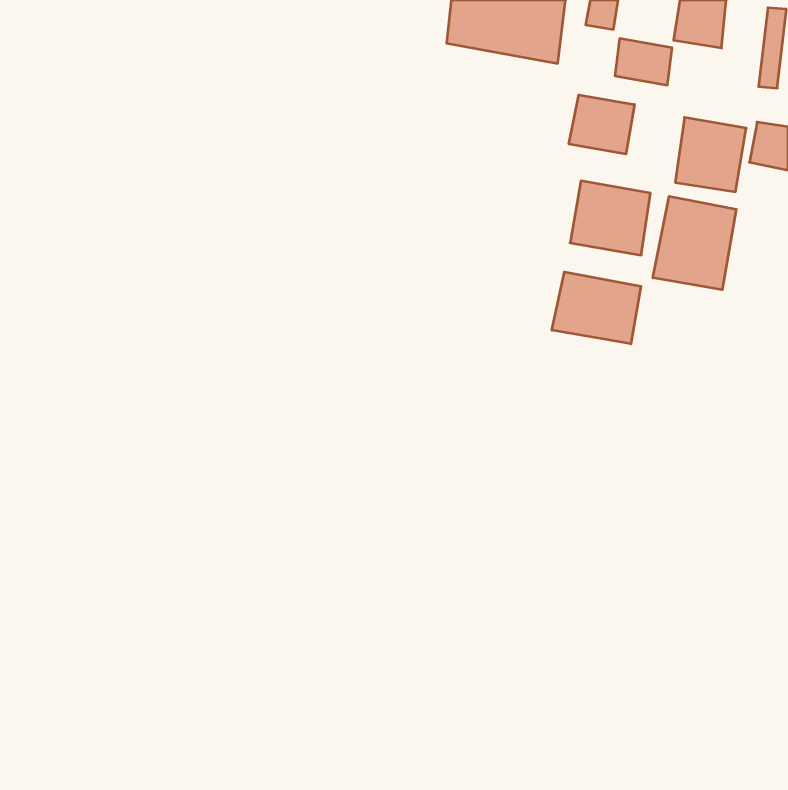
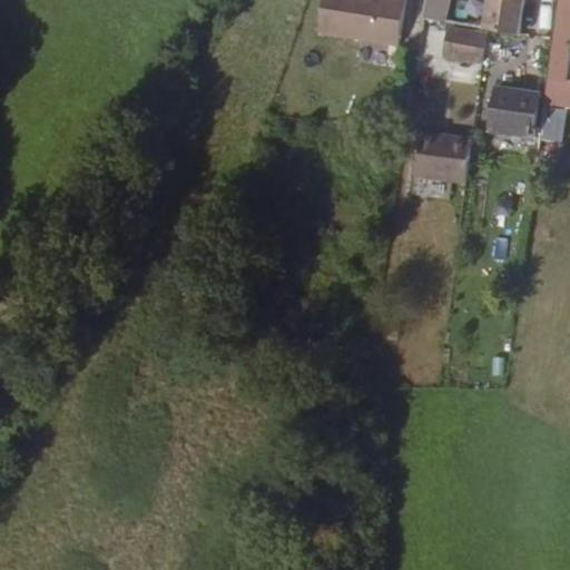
building: [569,95,634,154] -> none
building: [653,196,736,290] -> none
building: [552,272,641,344] -> none

